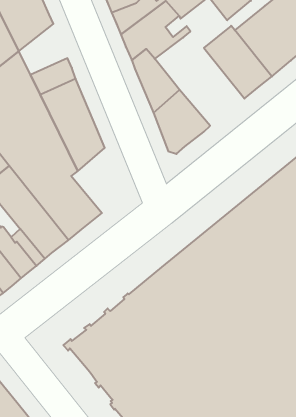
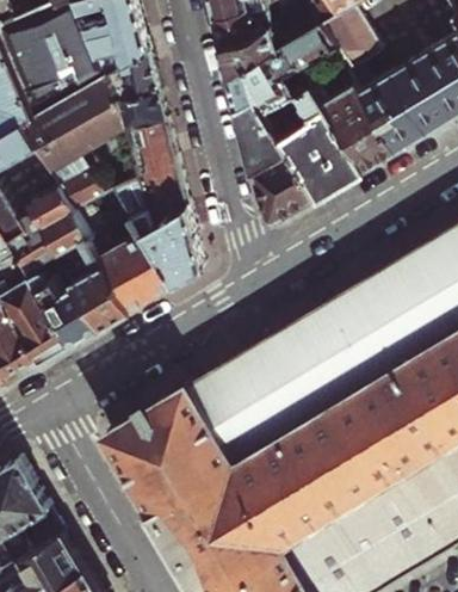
building: none -> [103,53,159,109]
building: none -> [276,97,360,199]
building: none -> [143,208,203,284]

